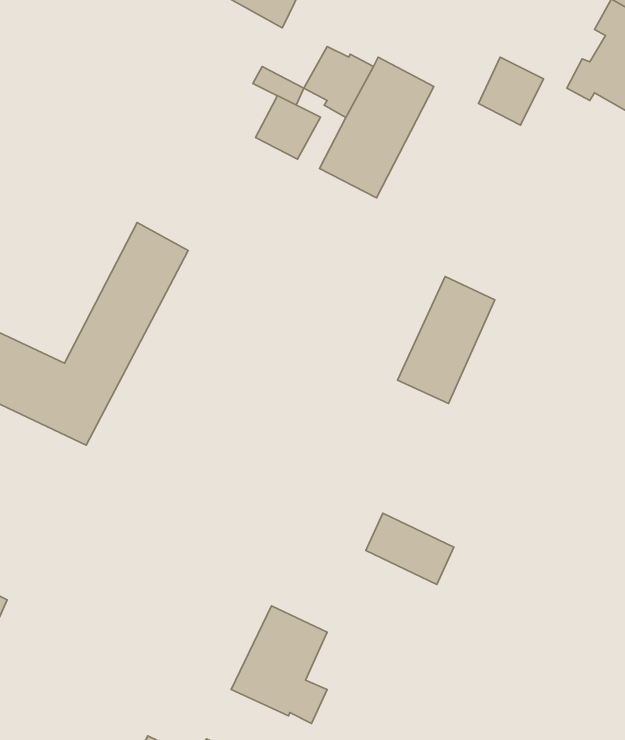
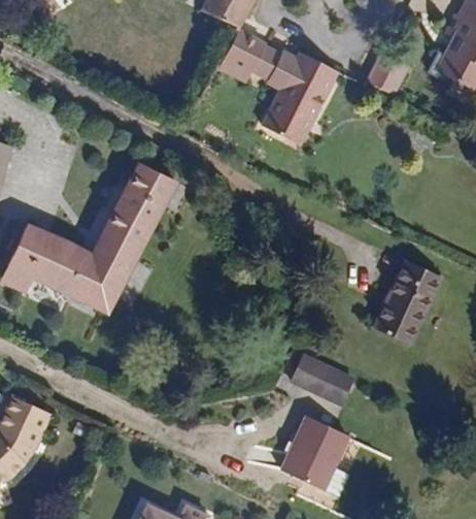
building: [256,96,321,159] -> [223,30,266,72]
building: [397,277,495,403] -> [374,260,439,345]
building: [231,606,327,723] -> [281,417,345,495]

